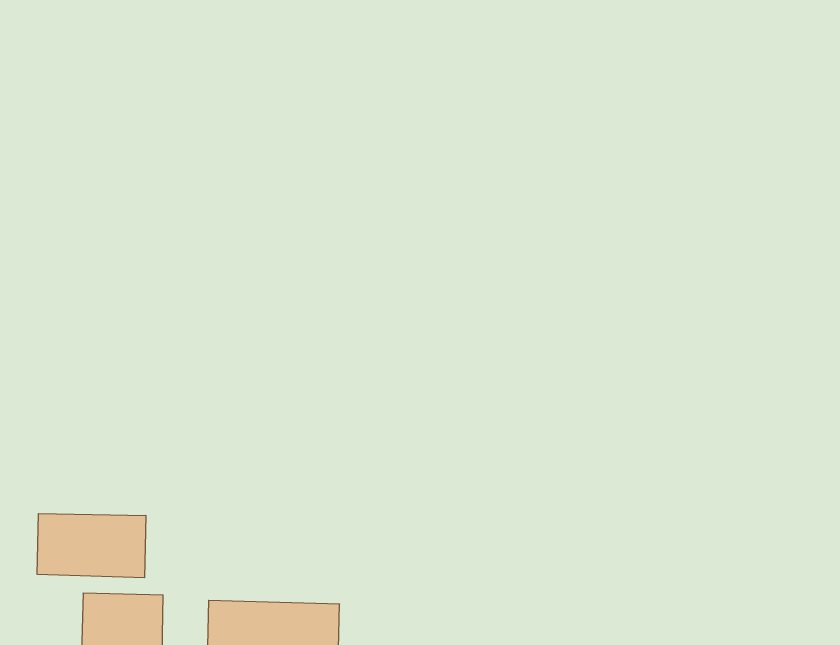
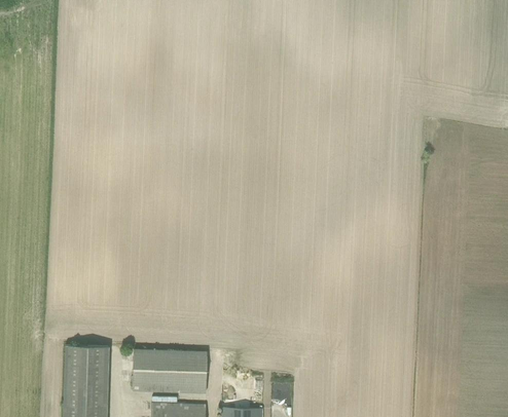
building: [37,514,146,578] -> none

